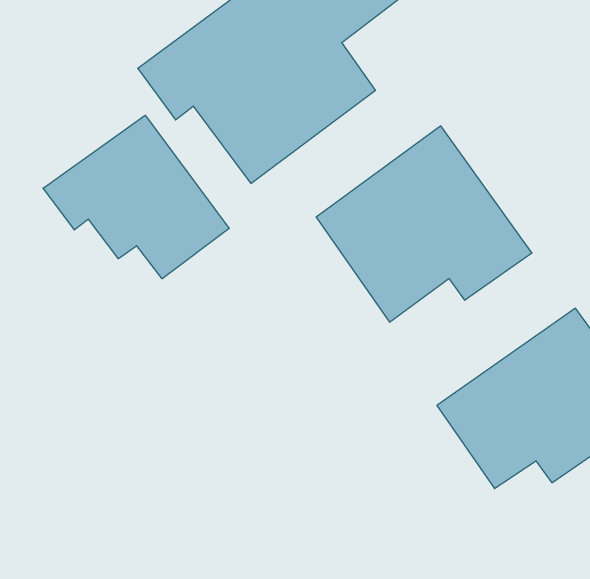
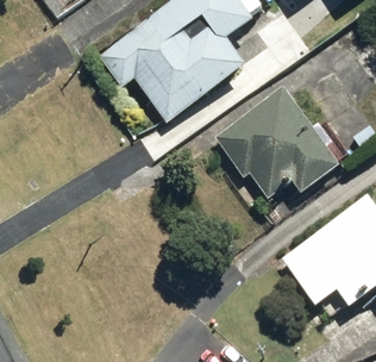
building: [43,115,229,279] -> none

